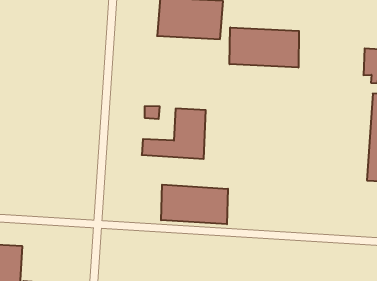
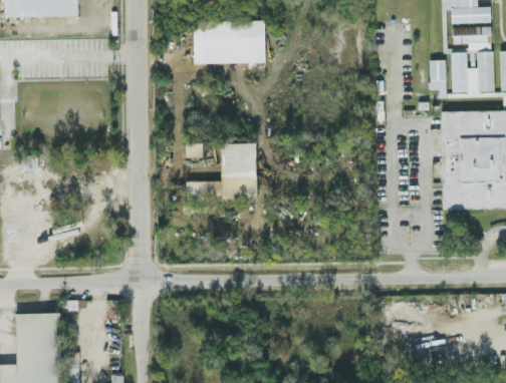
building: [230,27,299,68] -> none
building: [161,185,228,224] -> none

